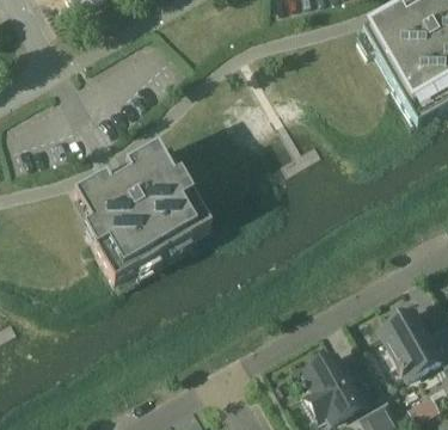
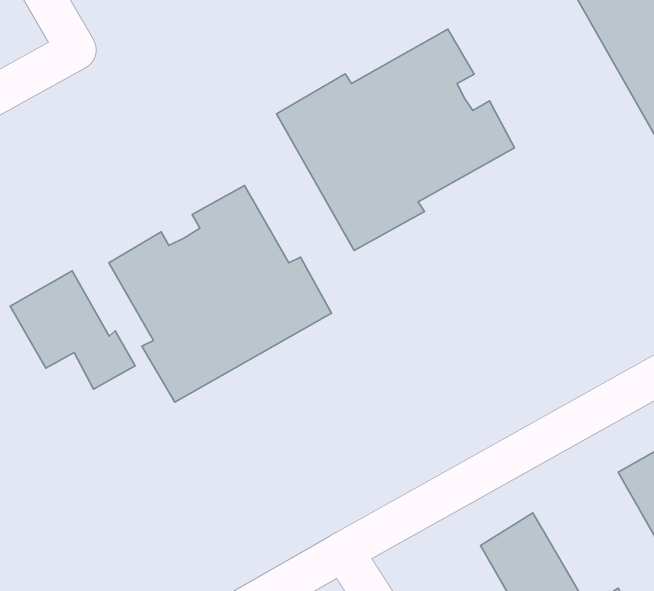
building: none -> [276,29,514,250]
building: none -> [10,271,135,389]

